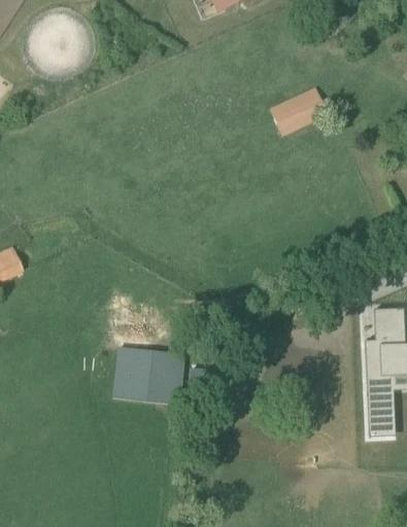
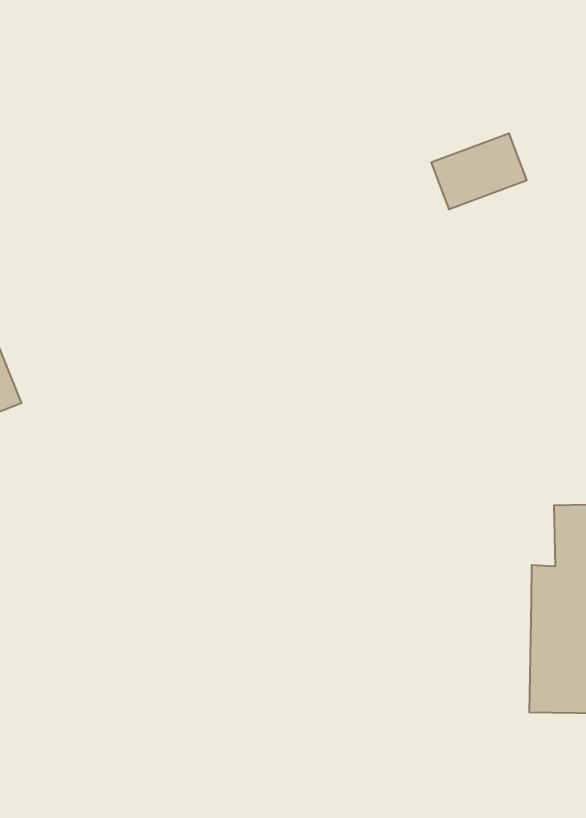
building: [116,345,188,402] -> none

